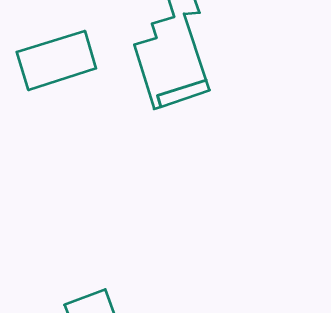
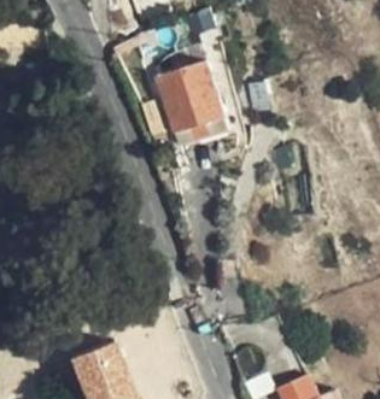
building: [17,31,96,90] -> none

